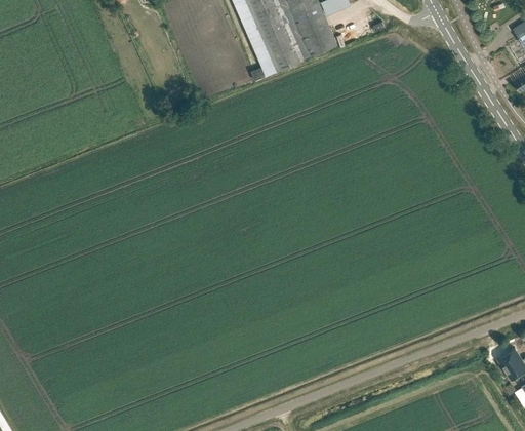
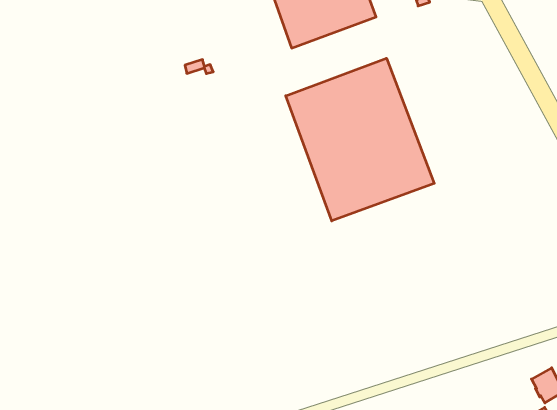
building: none -> [286,58,434,221]

